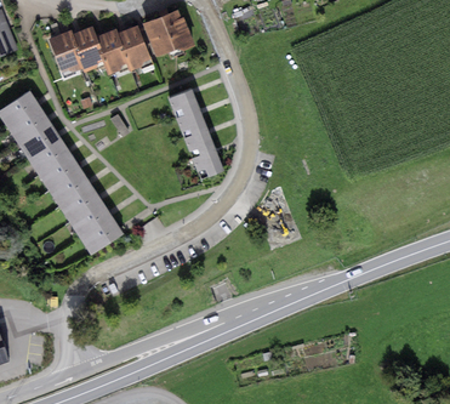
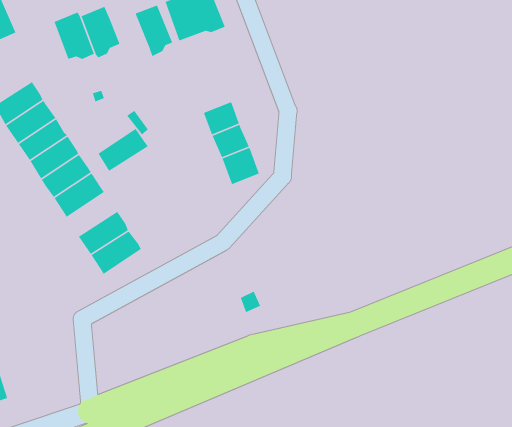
building: [97,30,130,74] -> none
building: [167,89,200,118] -> none
building: [59,186,103,223] -> [97,128,149,172]

